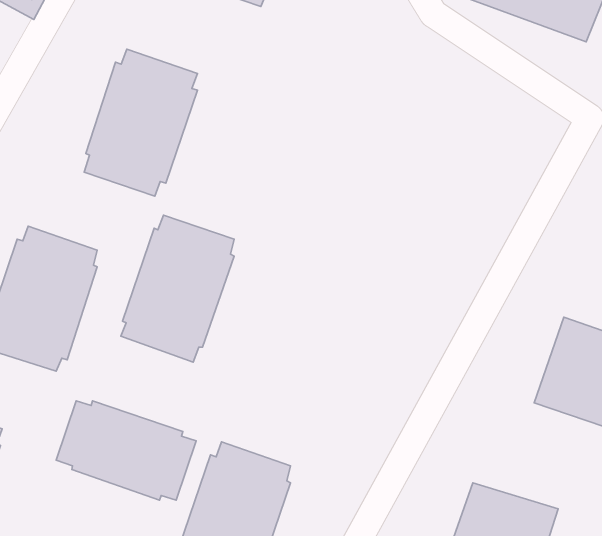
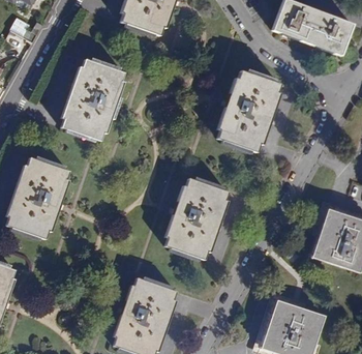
building: none -> [216,70,279,152]
building: [121,215,234,362] -> [163,178,227,260]
building: [56,401,196,500] -> none

